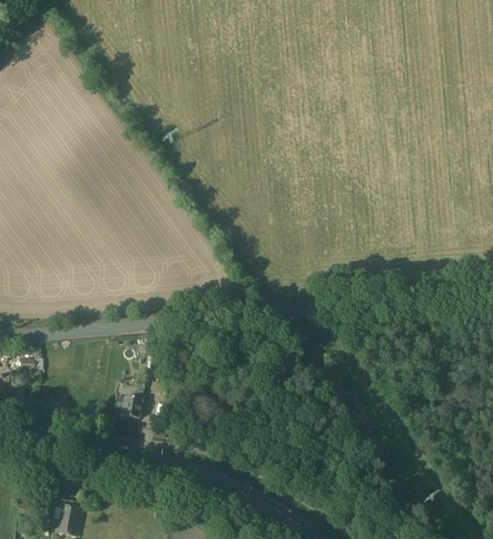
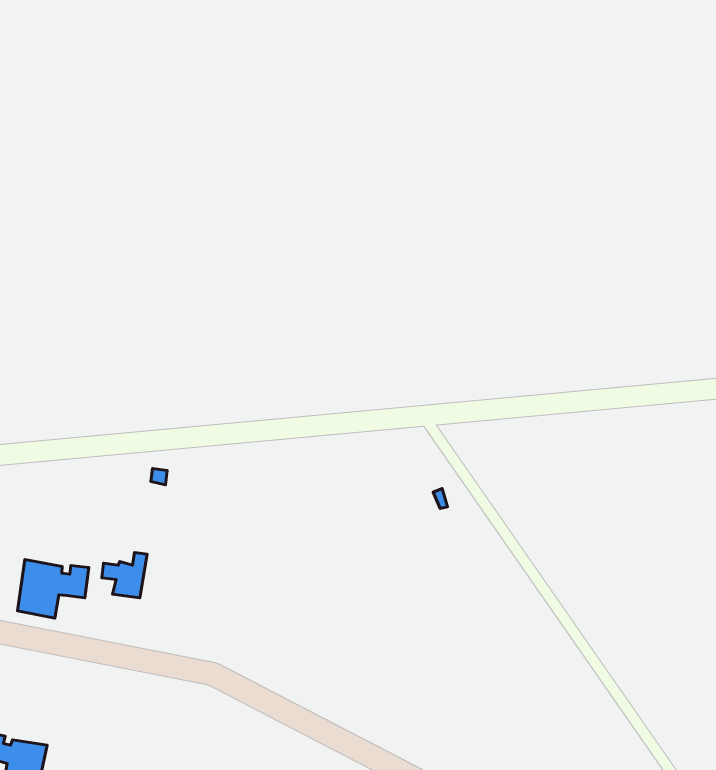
building: none -> [18,559,89,618]

